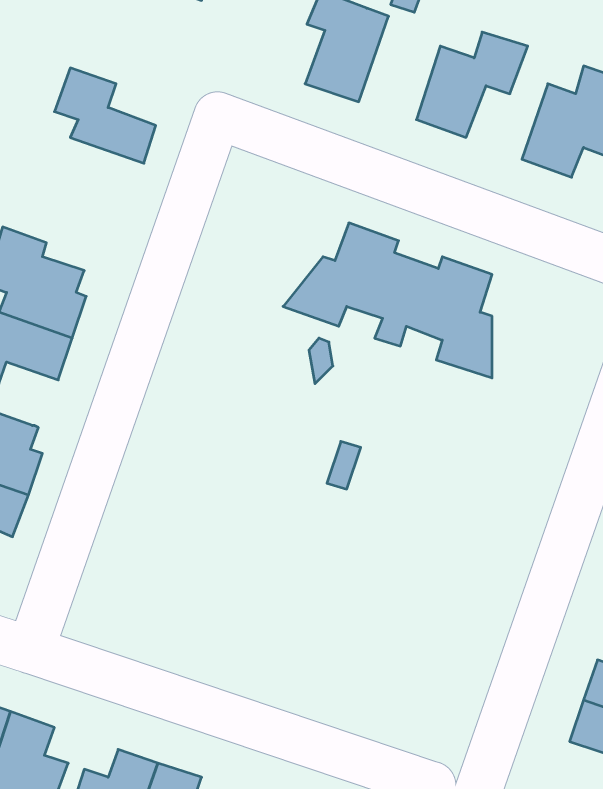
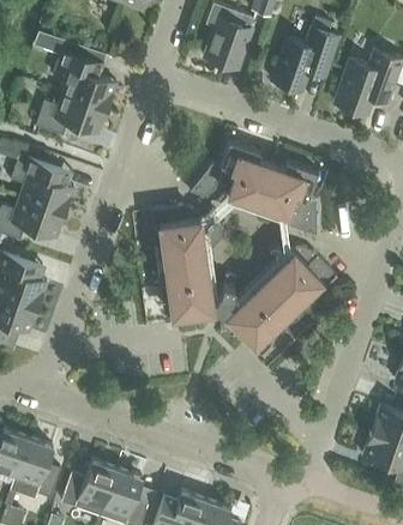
building: none -> [36,91,108,135]
building: none -> [151,206,213,328]
building: none -> [221,246,338,345]

